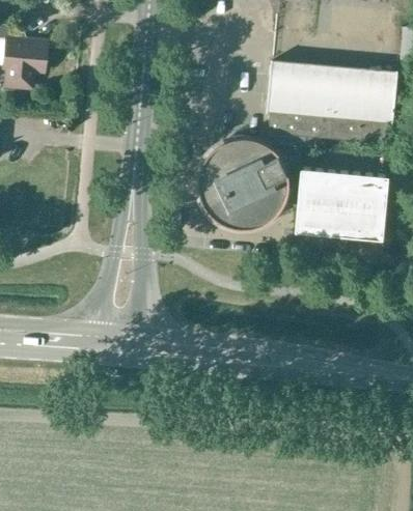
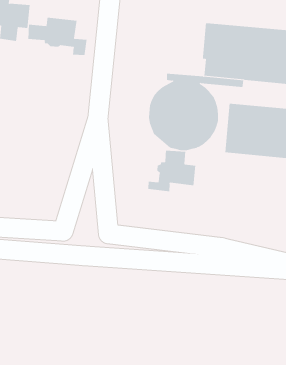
building: none -> [28,17,87,56]
building: none -> [148,150,196,192]

